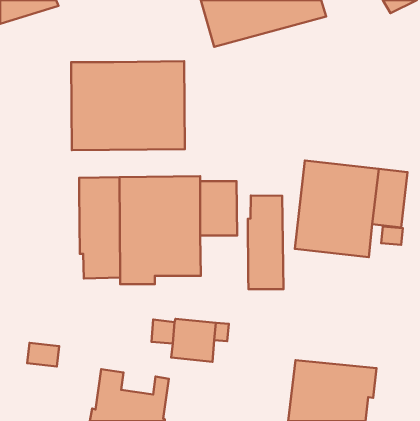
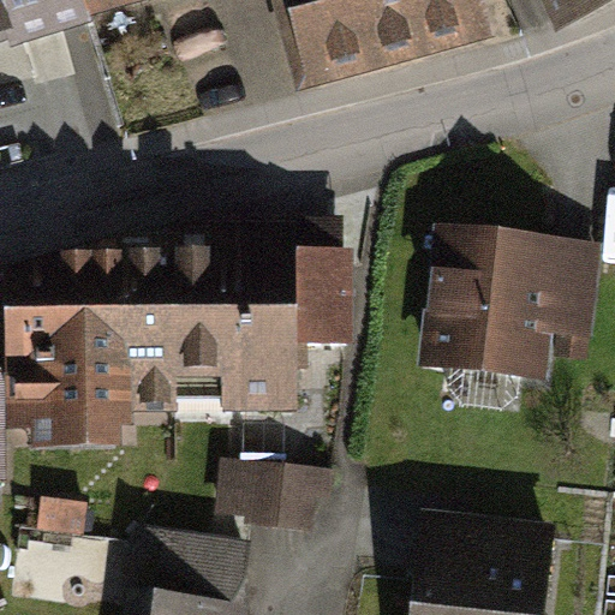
building: [71,61,185,150] -> none
building: none -> [17,279,124,423]
building: [248,196,284,289] -> none

